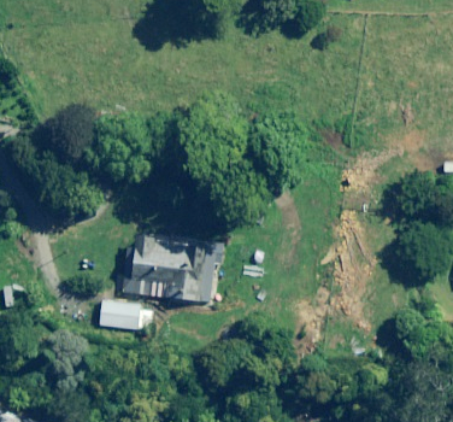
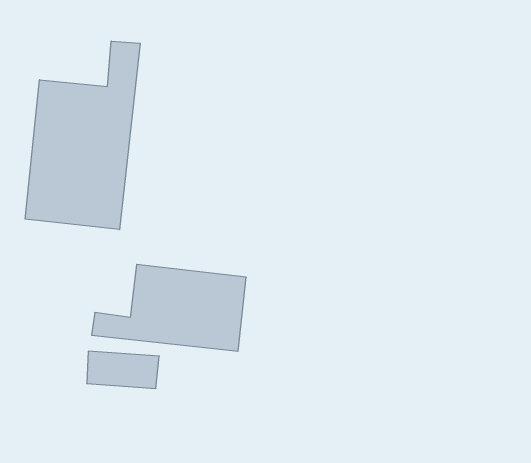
building: none -> [25,41,140,230]

